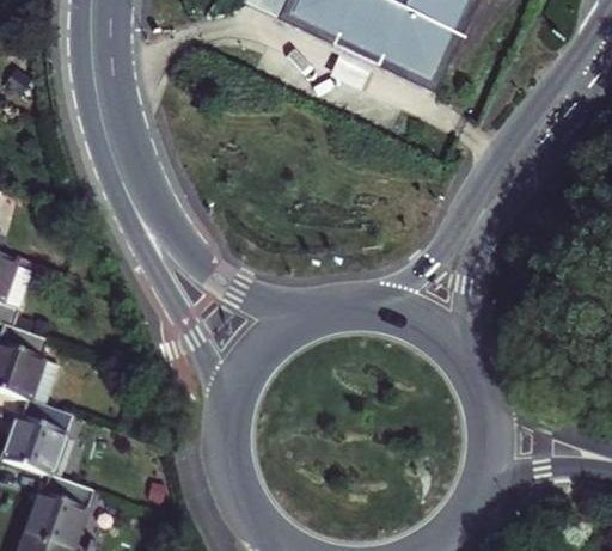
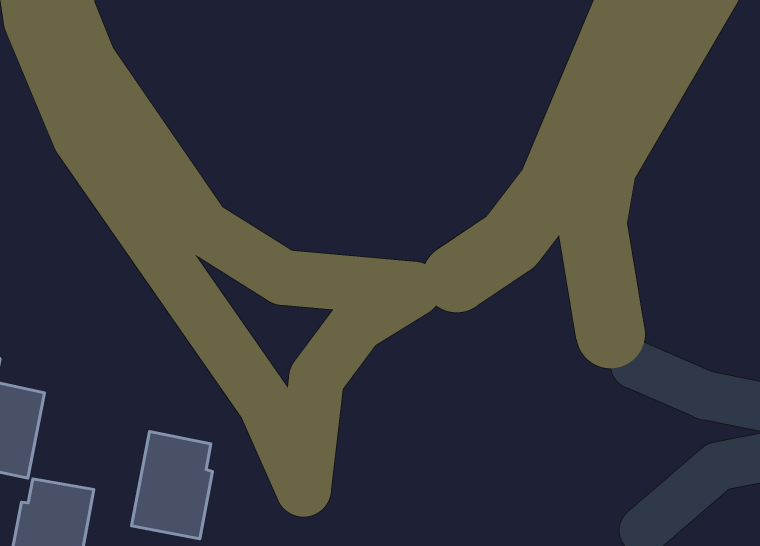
building: none -> [131,431,213,539]

